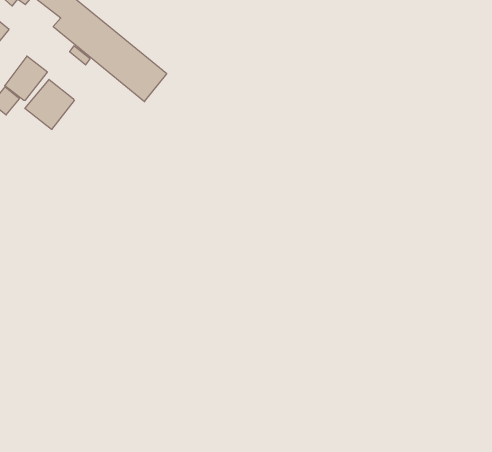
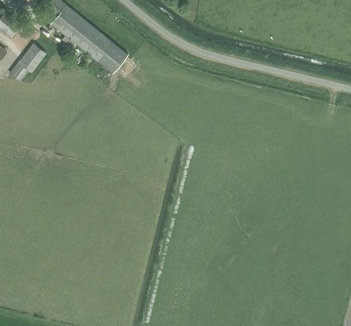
building: [25,79,74,129] -> none

